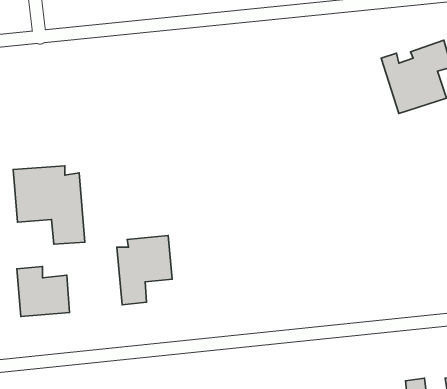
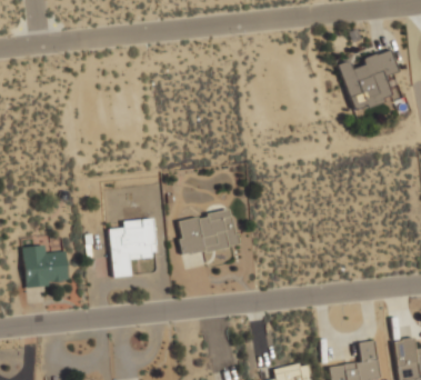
building: [13,166,85,244] -> none
building: none -> [177,209,239,257]

